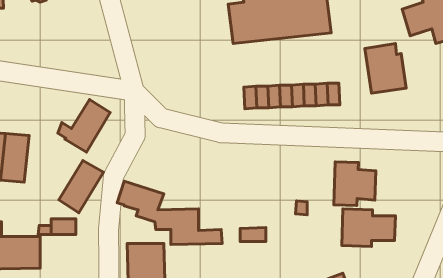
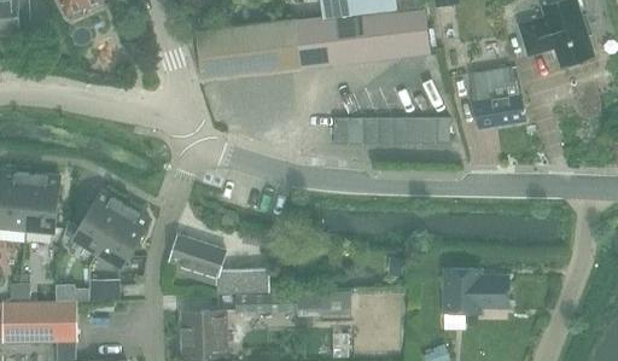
building: none -> [196,18,310,80]
building: [58,100,110,152] -> [63,193,127,257]
building: [334,162,376,206] -> none

